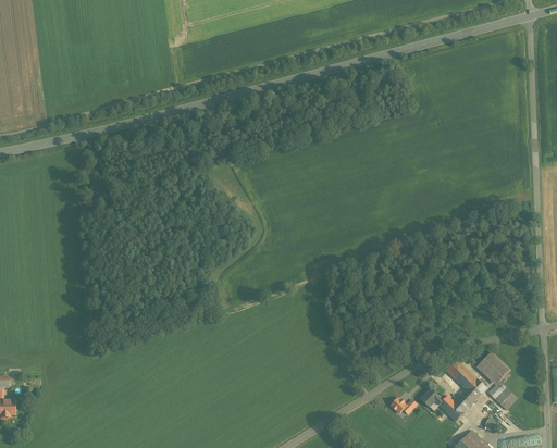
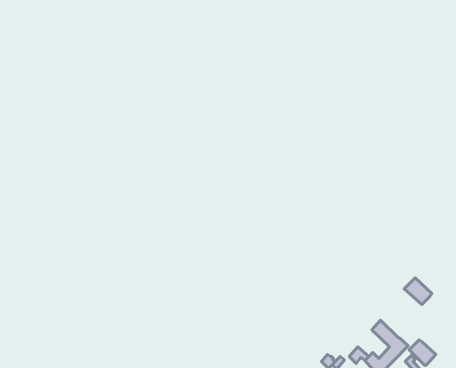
building: [479,352,509,382] -> [404,278,432,304]

